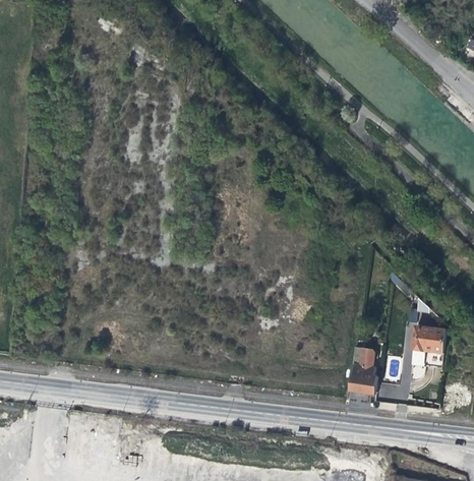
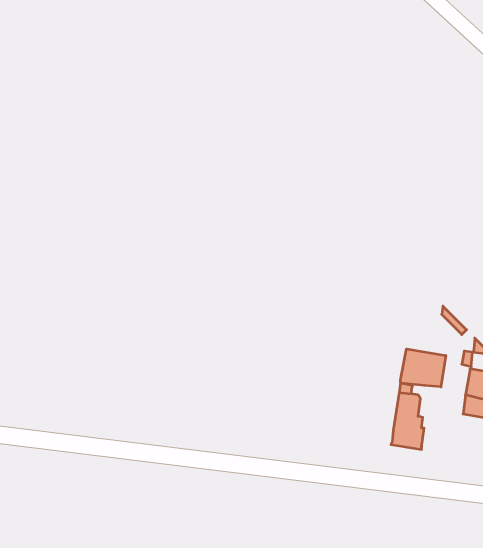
building: none -> [400,349,446,387]

